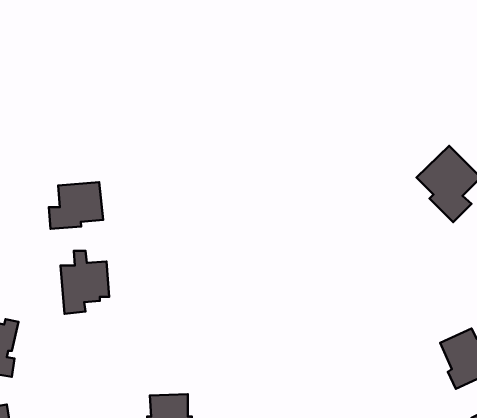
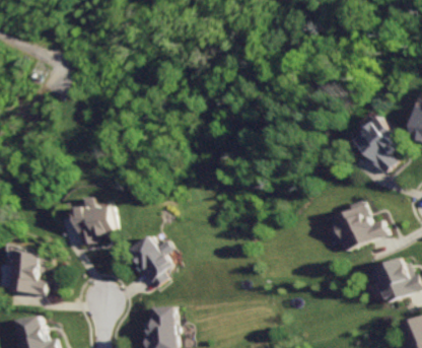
building: [49,182,103,229] -> none
building: none -> [326,199,381,251]
building: none -> [128,235,177,288]

